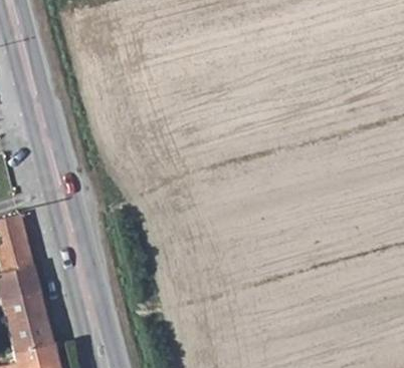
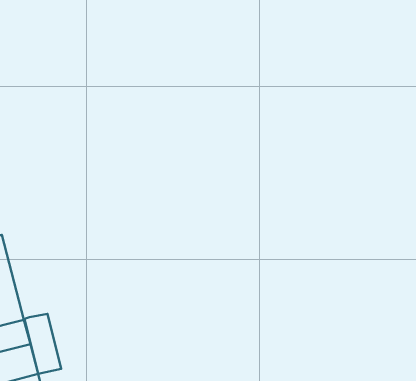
building: none -> [24,314,61,374]

